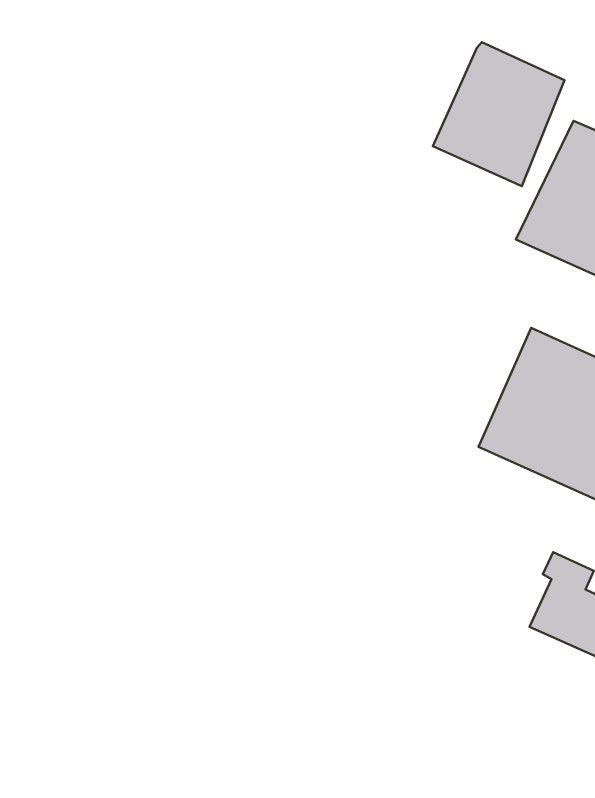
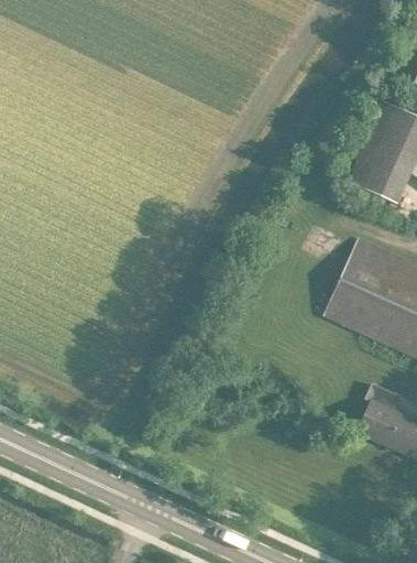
building: [433,42,564,186] -> none

